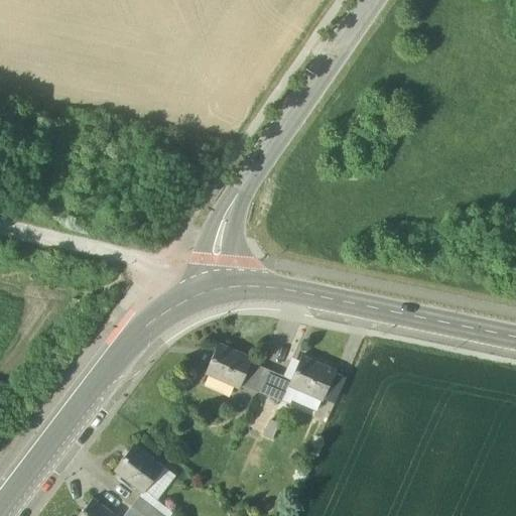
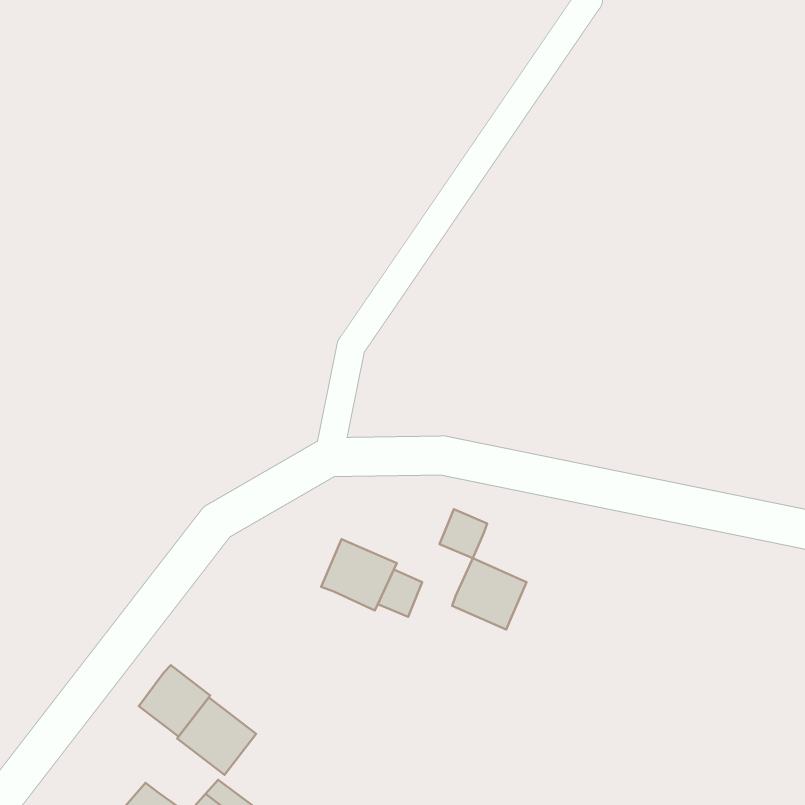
building: [262,373,292,404] -> [440,509,487,558]
building: none -> [139,665,210,736]

